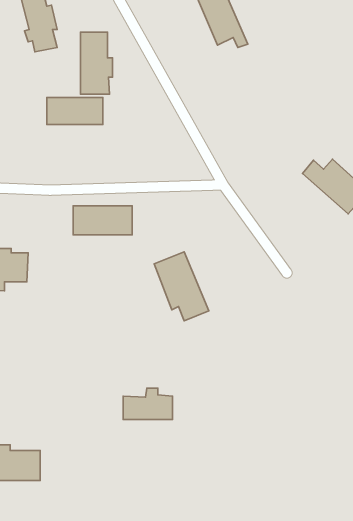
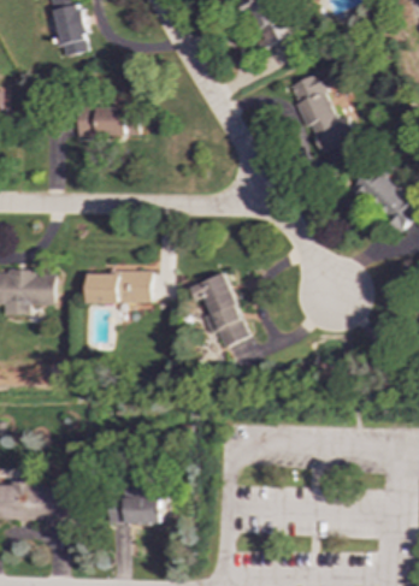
building: [81,32,113,94] -> none
building: none -> [289,69,356,153]
building: [73,206,132,235] -> [87,271,151,302]
building: [123,388,172,419] -> [108,489,161,522]

